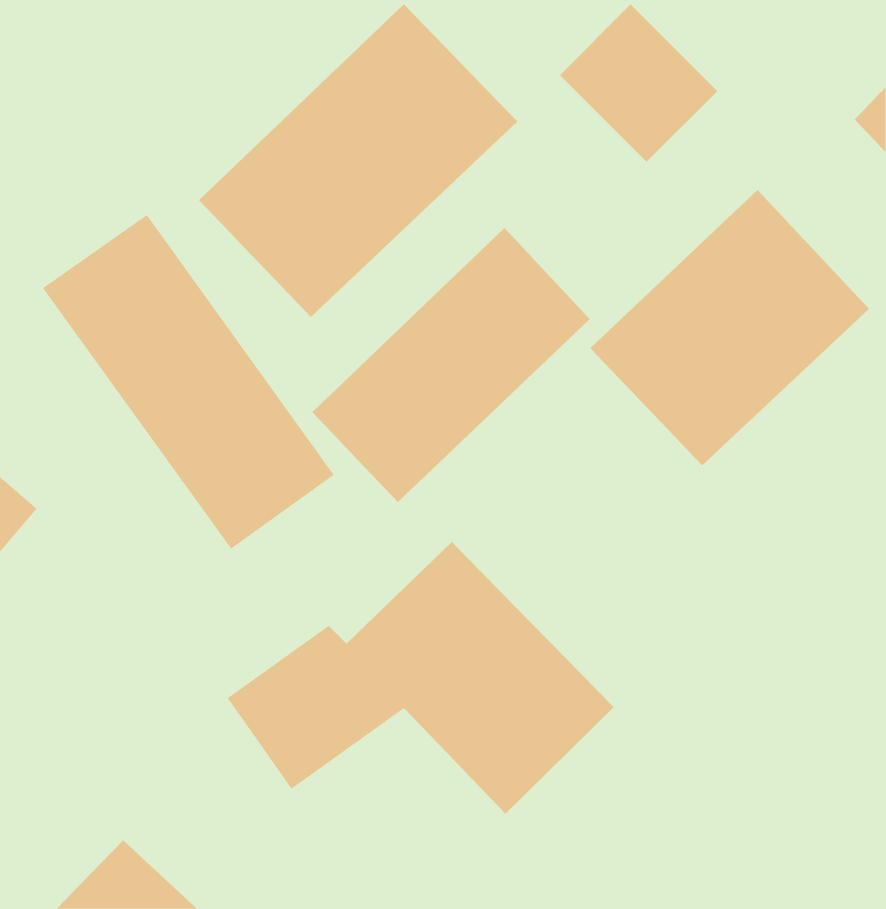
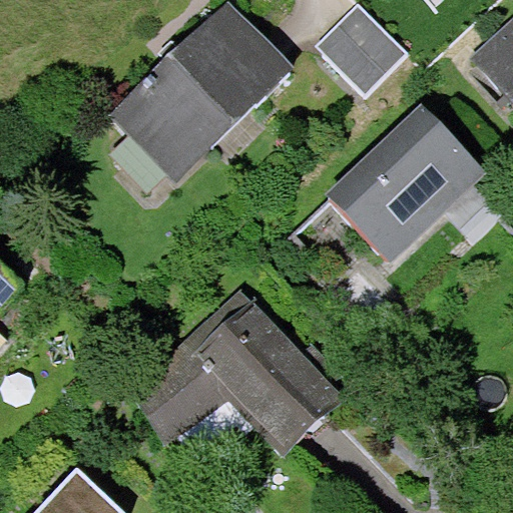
building: [42,214,335,549] -> none
building: [311,227,591,503] -> none

